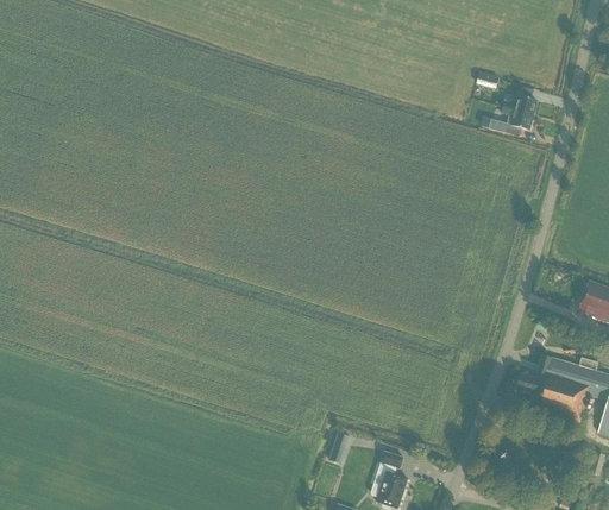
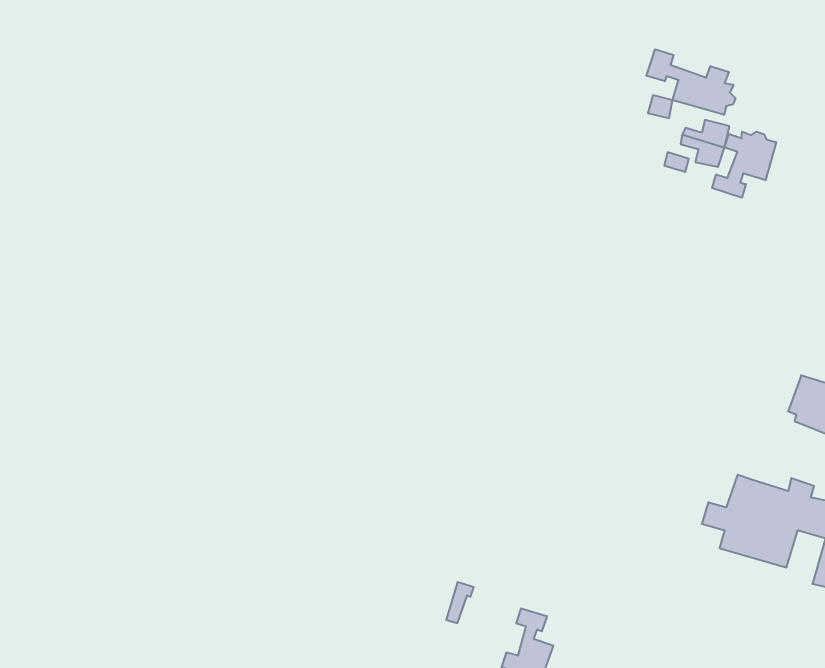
building: none -> [646,49,735,115]
building: none -> [712,132,776,198]

